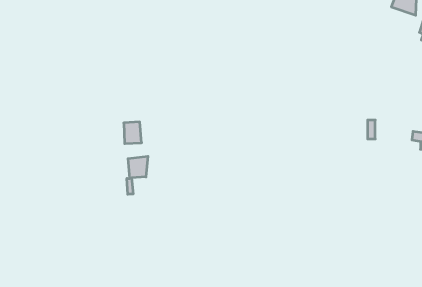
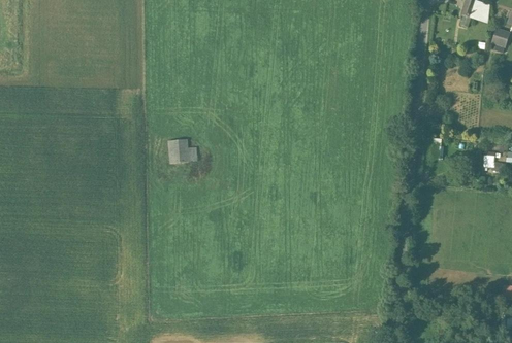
building: [127,156,148,194] -> none

